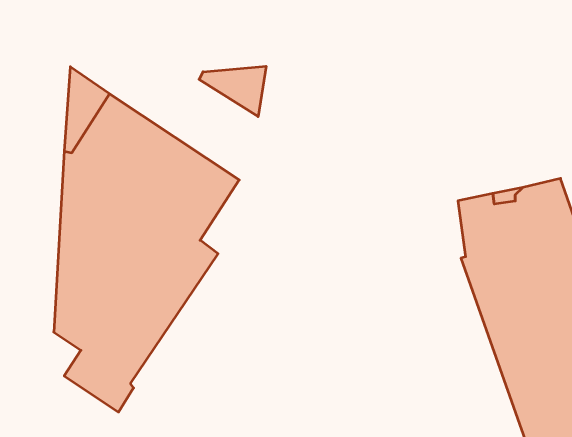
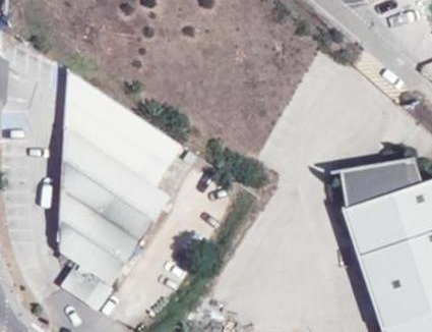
building: [199,66,266,117] -> none

